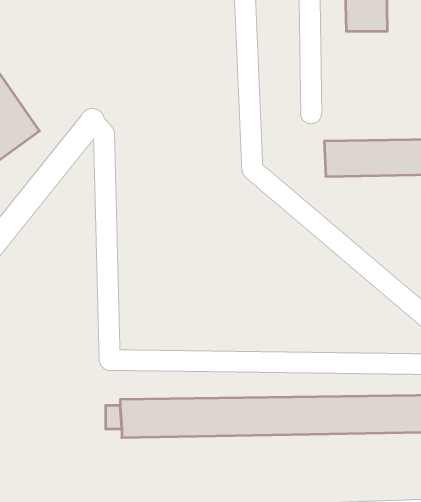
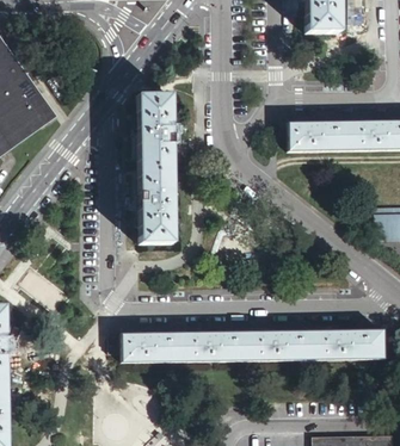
building: none -> [137,94,173,244]

